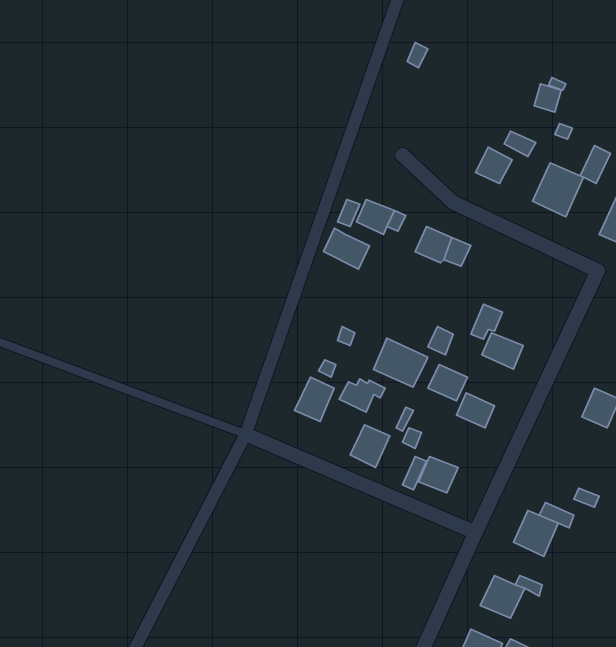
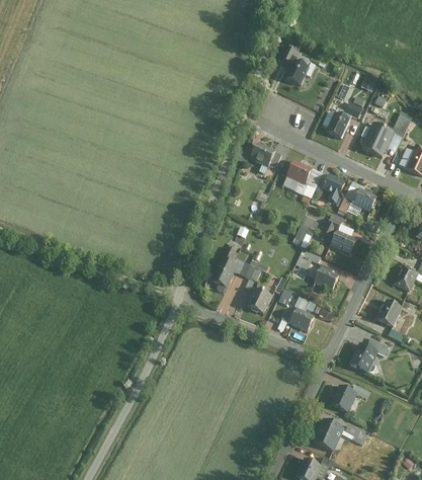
building: none -> [284,56,310,84]
building: [324,228,370,269] -> none
building: none -> [320,172,345,204]
building: none -> [340,185,377,214]
building: [374,338,428,387] -> none
building: none -> [377,301,404,328]

